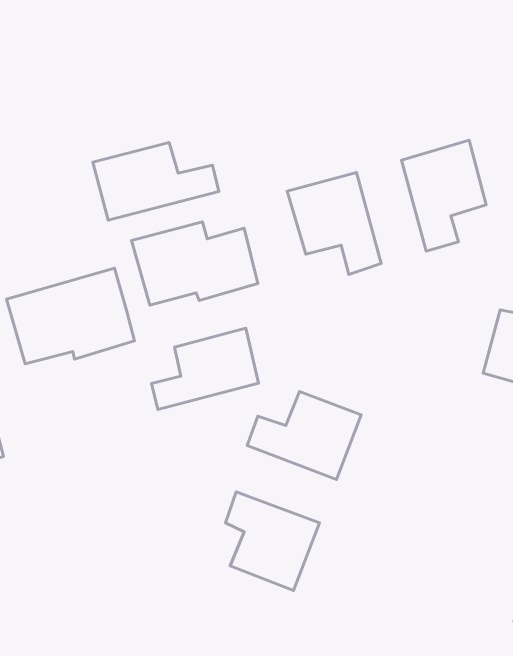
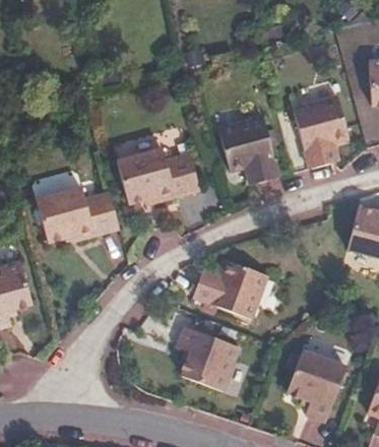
building: [93,143,219,220] -> none
building: [152,328,258,410] -> none
building: none -> [287,349,348,422]

